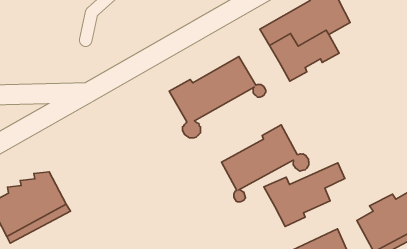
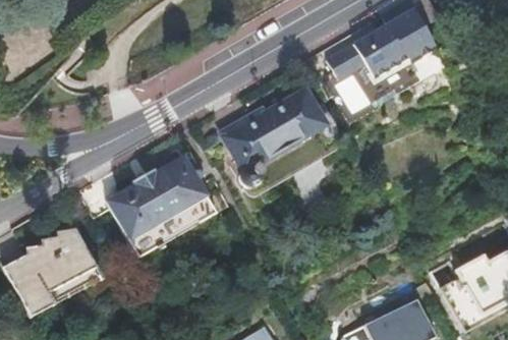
building: none -> [107,155,216,256]
building: [222,125,309,202] -> none
building: [264,163,345,227] -> none

